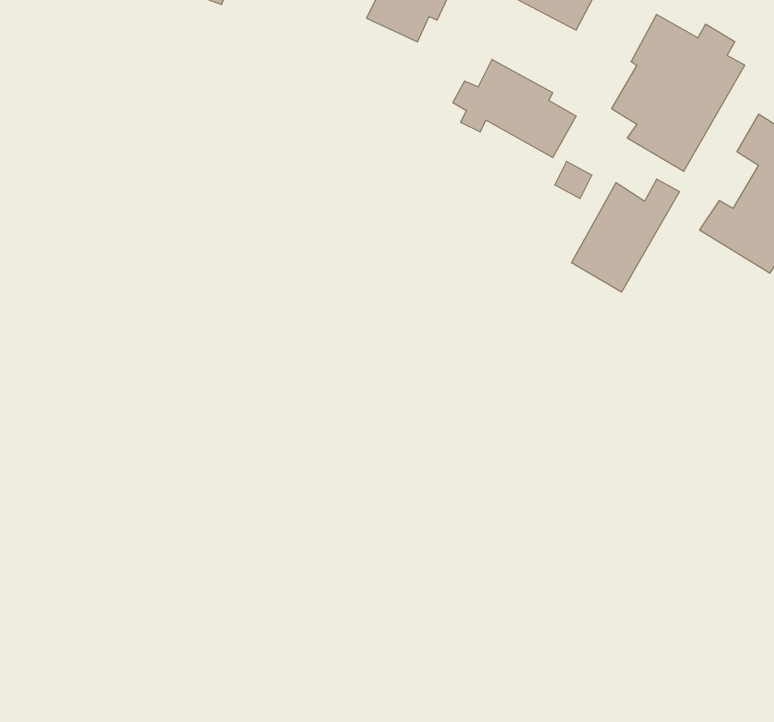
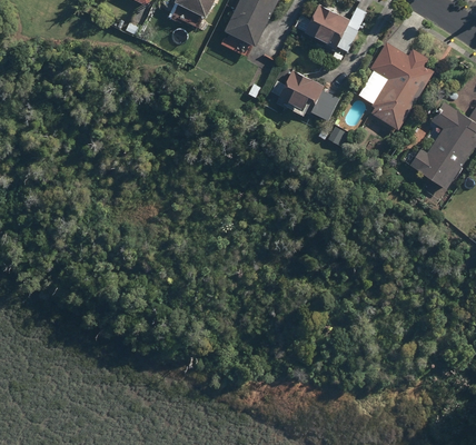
building: [572,179,679,292] -> none

